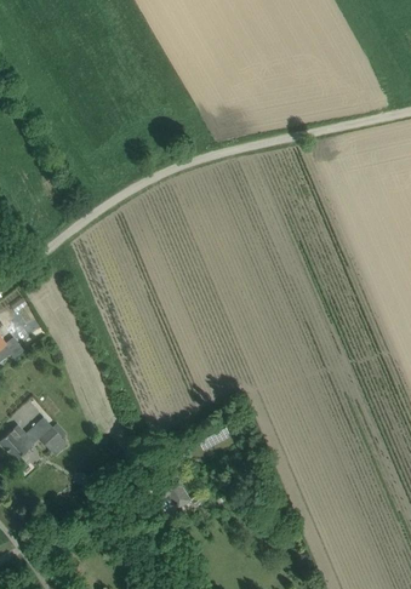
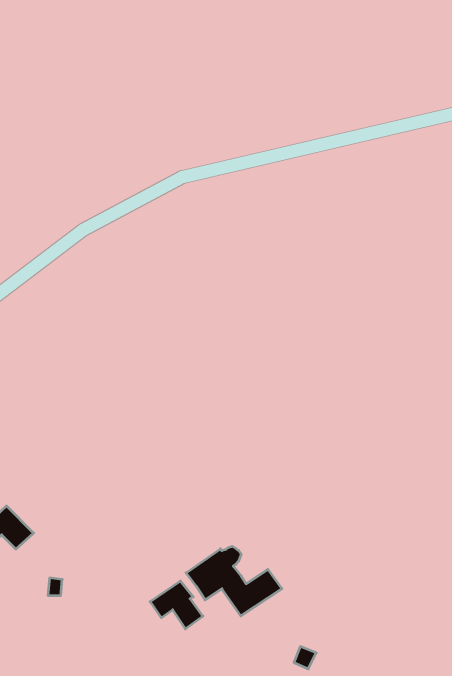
building: none -> [186,546,282,616]

